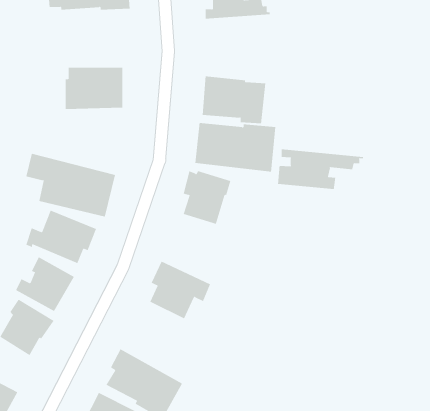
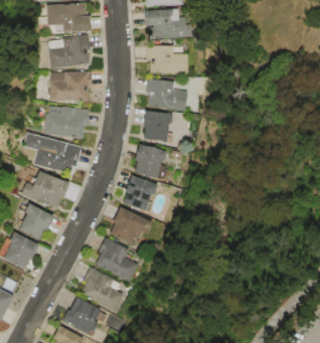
building: none -> [45,35,89,68]
building: none -> [143,45,185,73]
building: none -> [41,106,88,138]
building: [277,149,363,190] -> none
building: none -> [118,175,153,211]
building: none -> [90,236,135,275]

